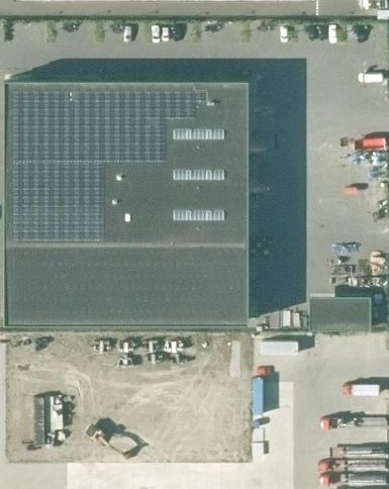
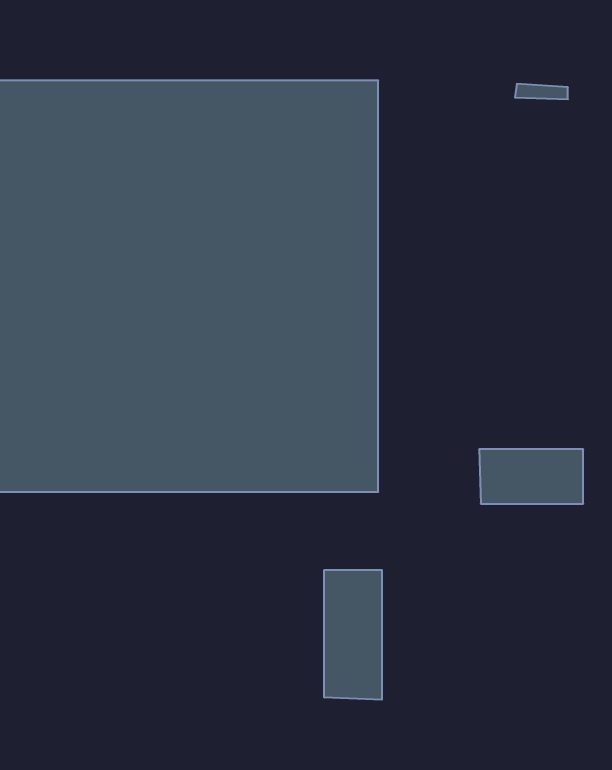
building: none -> [324,570,382,700]

